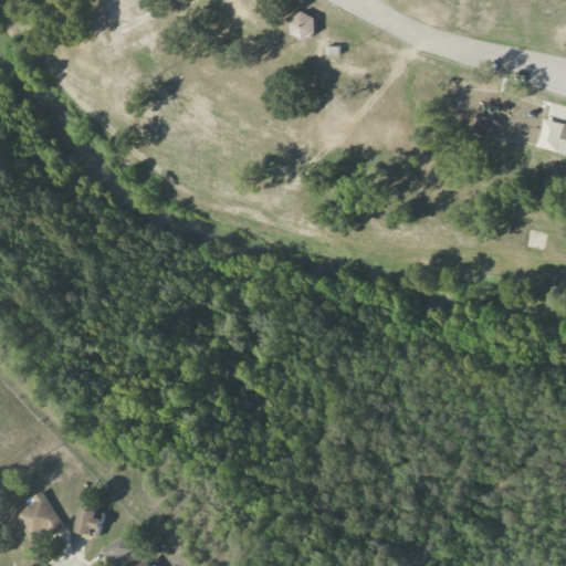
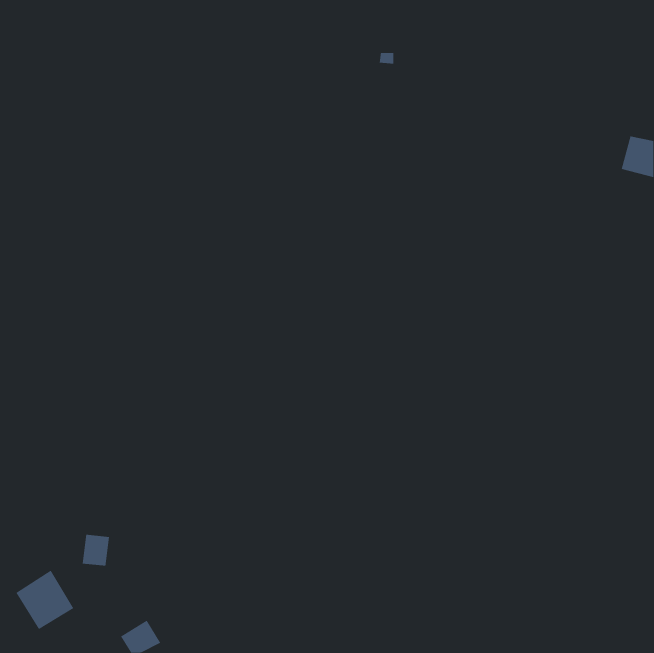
building: [290,10,316,41] -> none
building: [77,509,102,536] -> [82,534,110,566]

